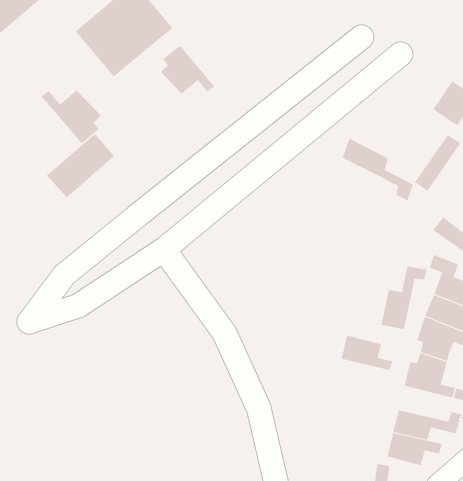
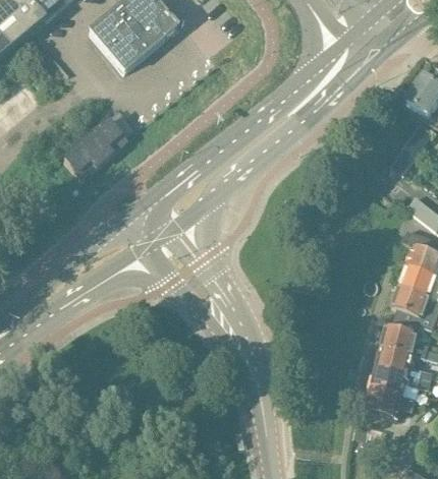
building: [160,45,215,94] -> none
building: [41,89,101,144] -> none
building: [342,138,414,202] -> none
building: [381,266,427,330] -> none
building: [341,335,393,370] -> [376,345,423,376]

